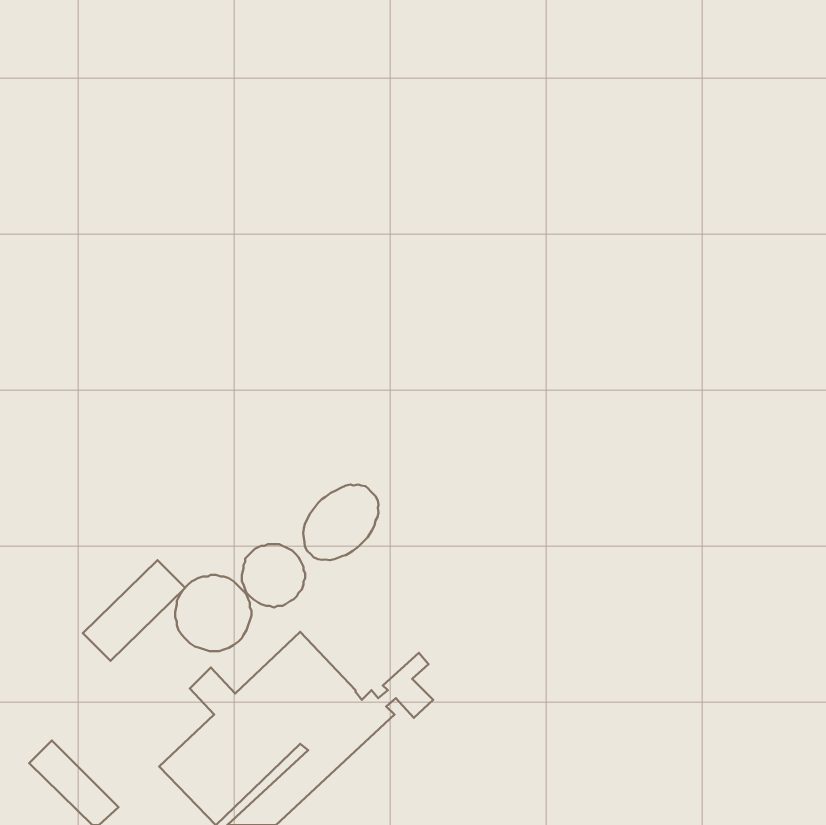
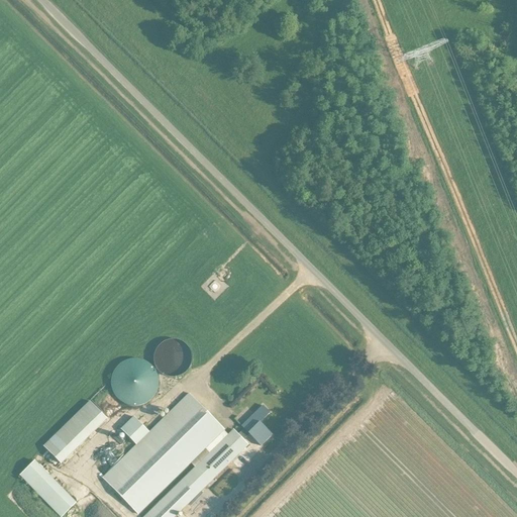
building: [303,484,379,560] -> none
building: [83,560,185,661] -> [43,401,107,463]

